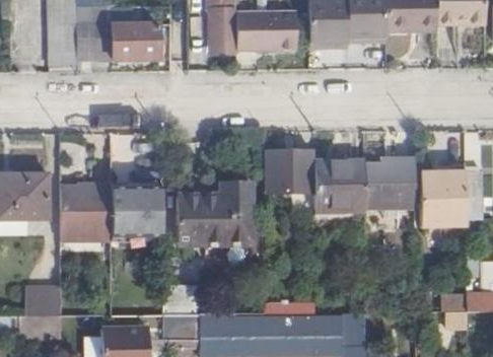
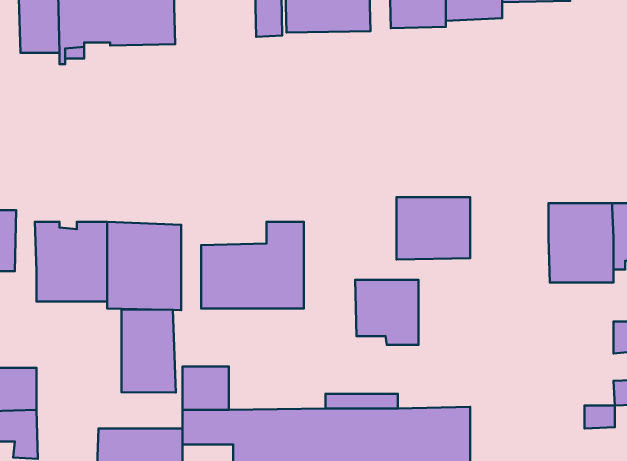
building: [269,153,313,199] -> [355,280,419,345]
building: [365,160,415,210] -> none
building: none -> [121,309,176,393]

